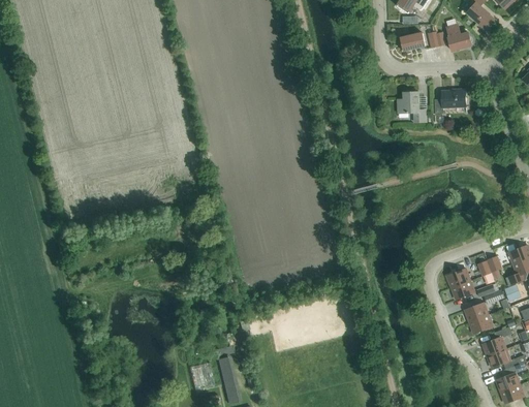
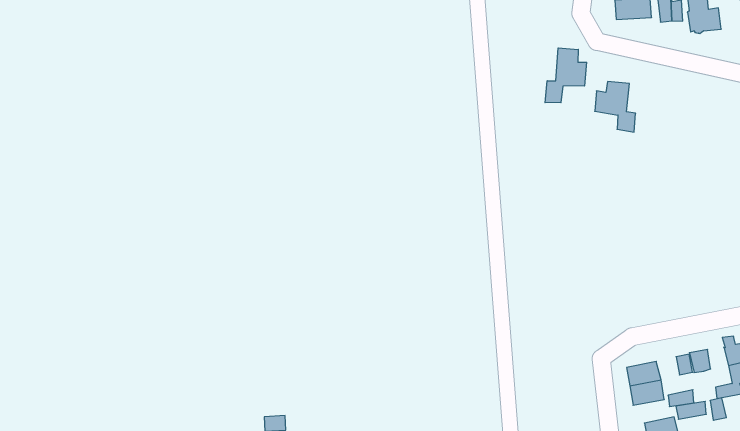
building: none -> [545,48,587,103]
building: [435,90,466,114] -> none

